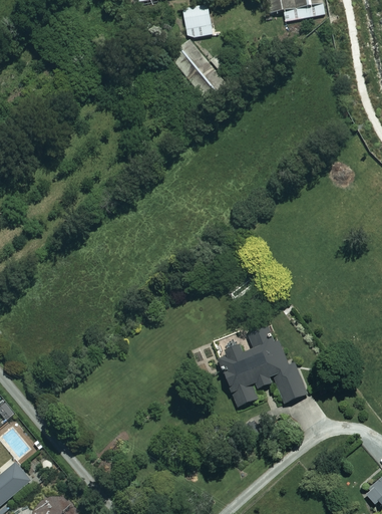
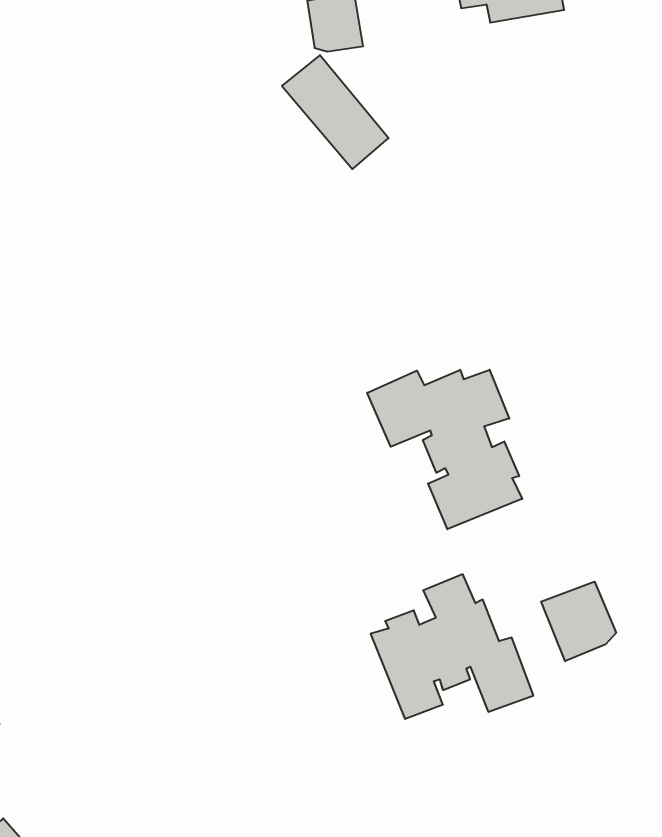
building: none -> [367,370,522,529]
building: none -> [541,582,616,661]

